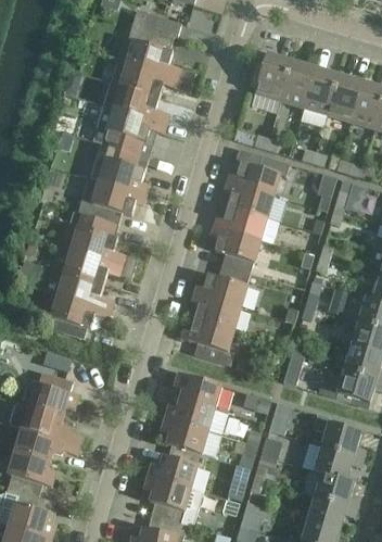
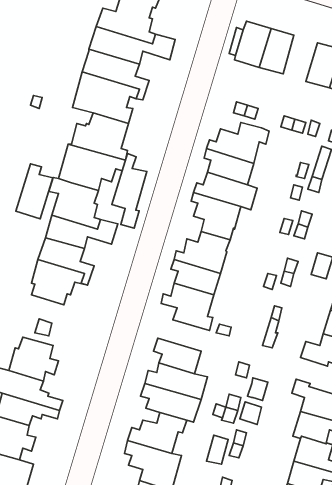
building: [304,67,339,114] -> none
building: none -> [112,153,147,228]
building: none -> [16,164,53,219]

